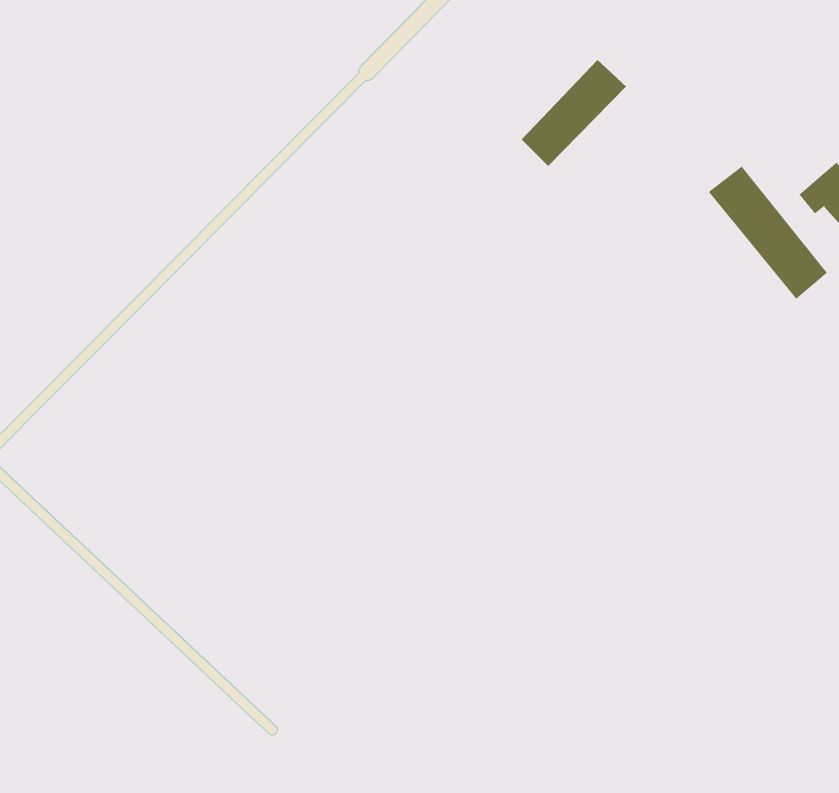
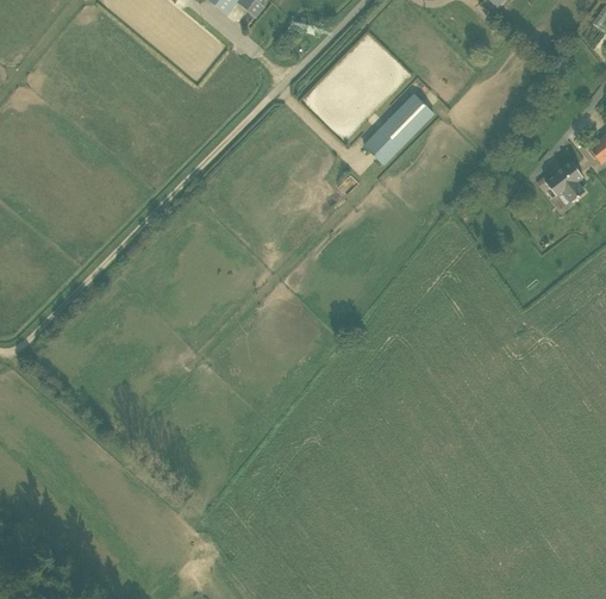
building: [708,165,828,300] -> none

